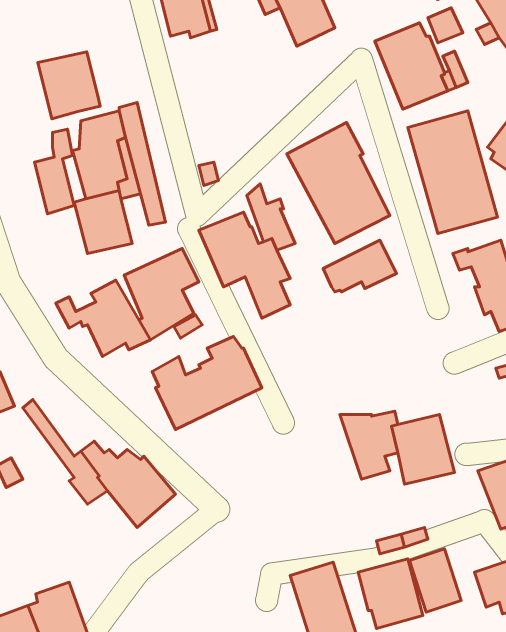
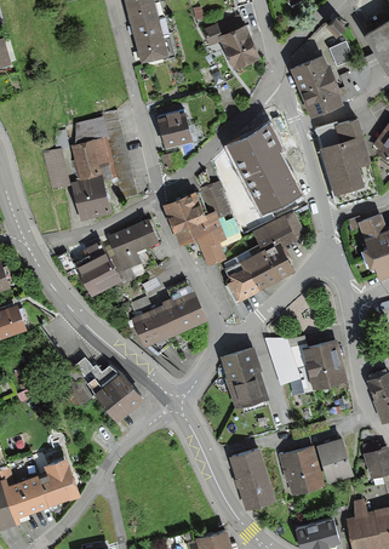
building: [38,52,100,119] -> none
building: none -> [156,109,194,149]
building: none -> [223,241,296,303]
building: none -> [219,348,268,412]

